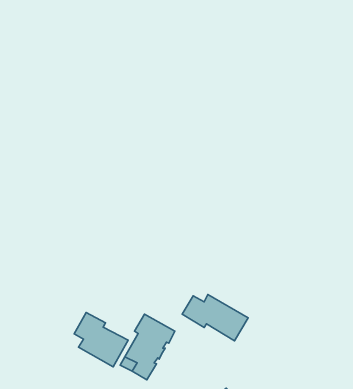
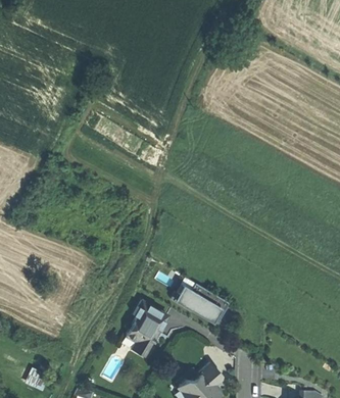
building: [74,313,128,367] -> none

